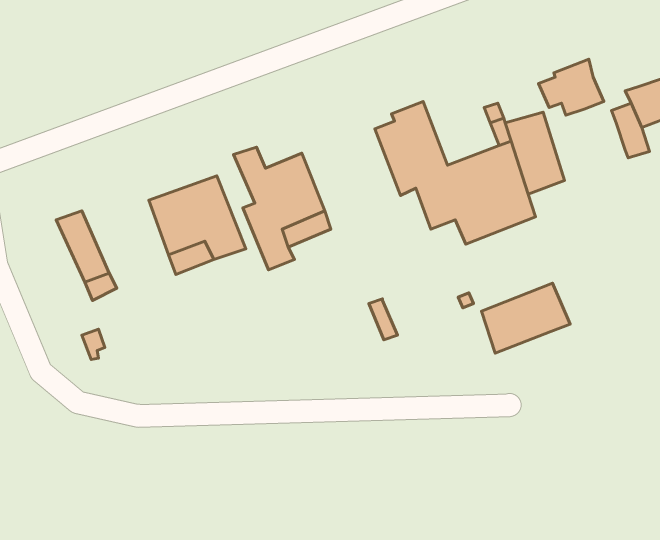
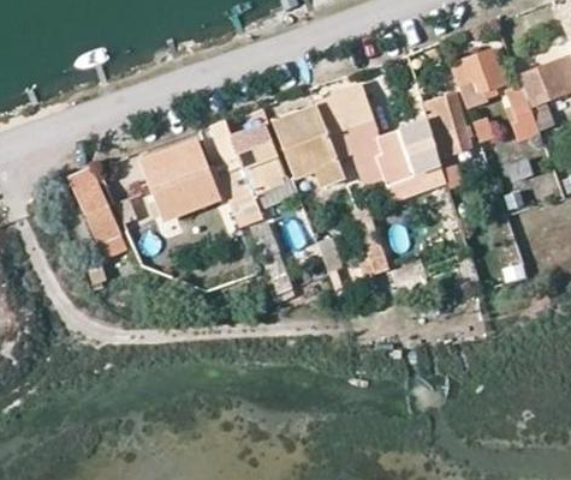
building: none -> [275,104,347,188]
building: [481,283,570,353] -> none

